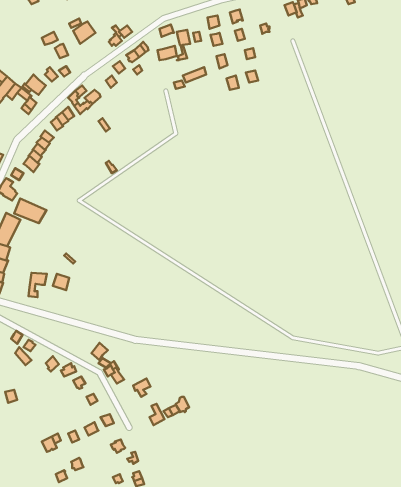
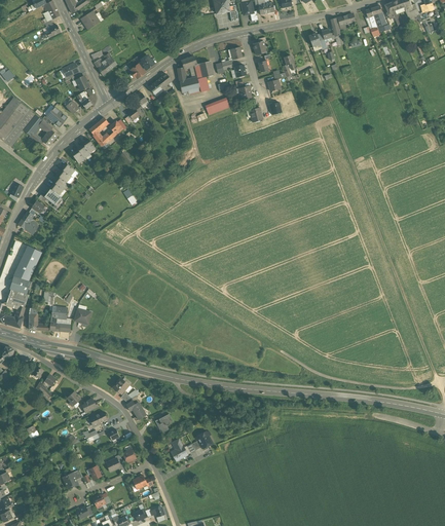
building: [14,199,47,223] -> none

